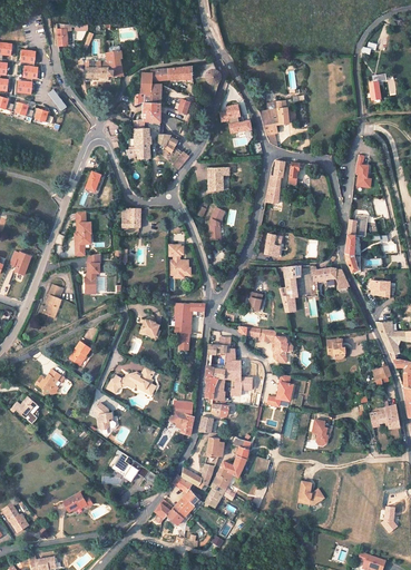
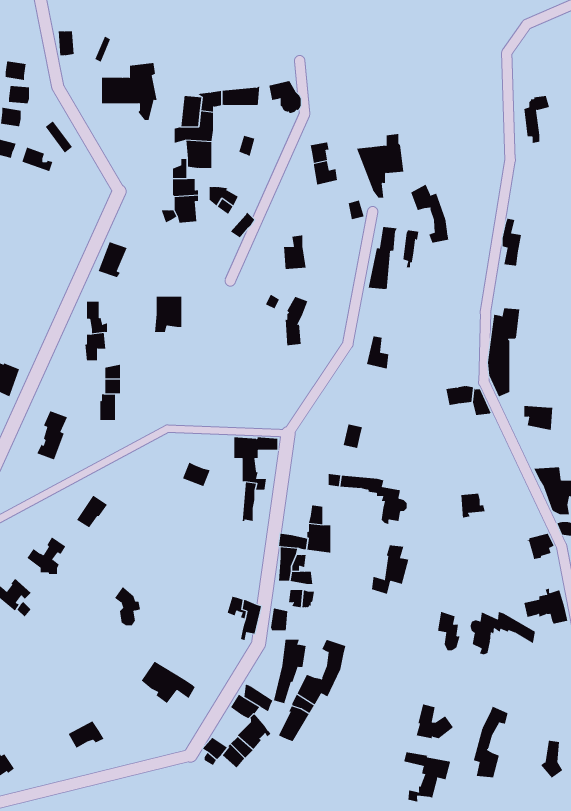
building: none -> [410,184,449,244]
building: [168,244,189,274] -> none
building: [283,265,300,311] -> none
building: [108,366,156,394] -> none
building: none -> [470,611,536,655]
building: none -> [473,706,508,778]
building: none -> [404,751,451,803]

